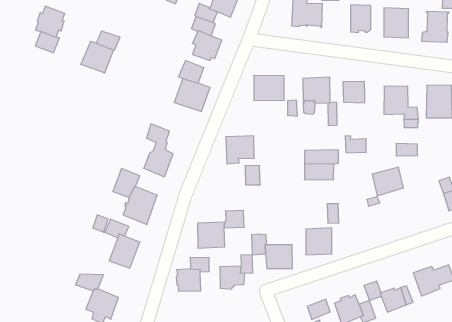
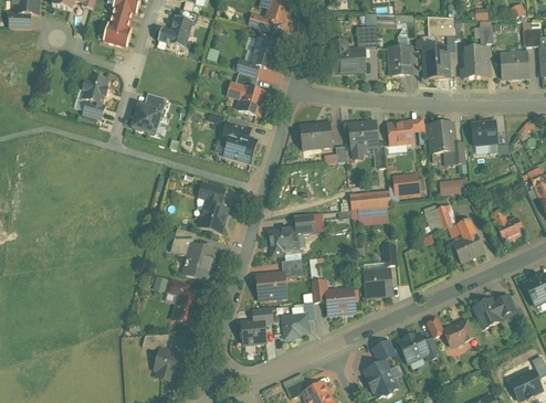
building: [226,136,254,164] -> [267,226,297,256]
building: none -> [451,218,483,262]

